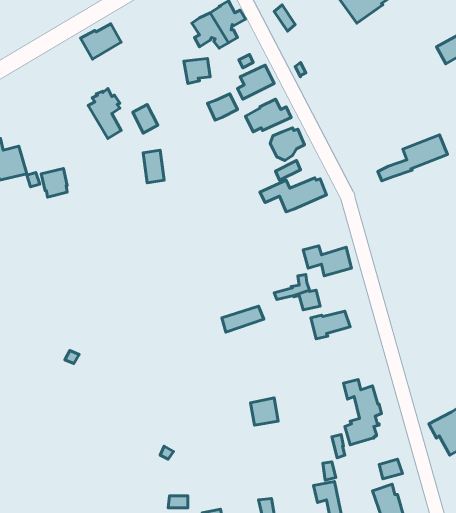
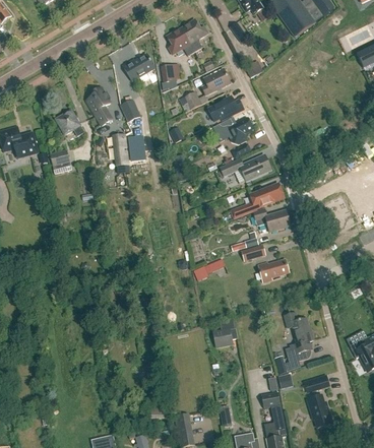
building: [81,24,121,59] -> [123,53,154,80]
building: none -> [58,109,84,135]
building: [378,135,447,181] -> [231,182,285,217]

